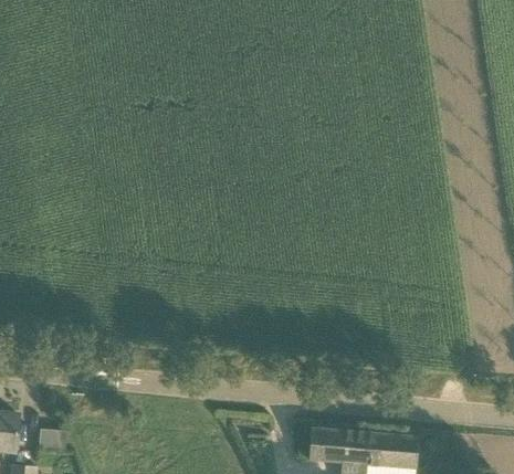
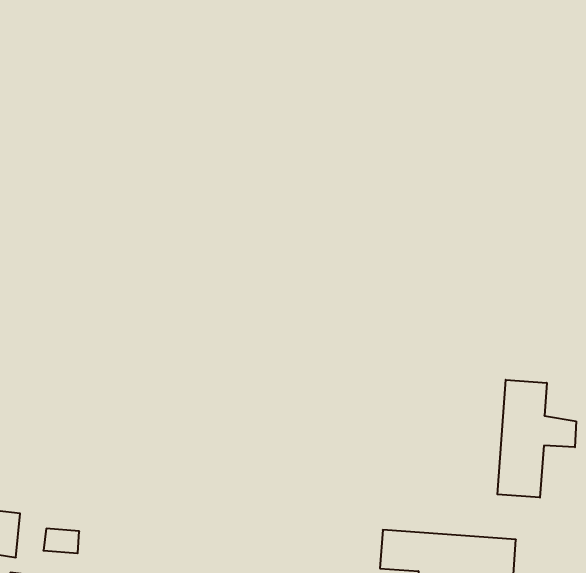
building: none -> [497,380,576,498]

